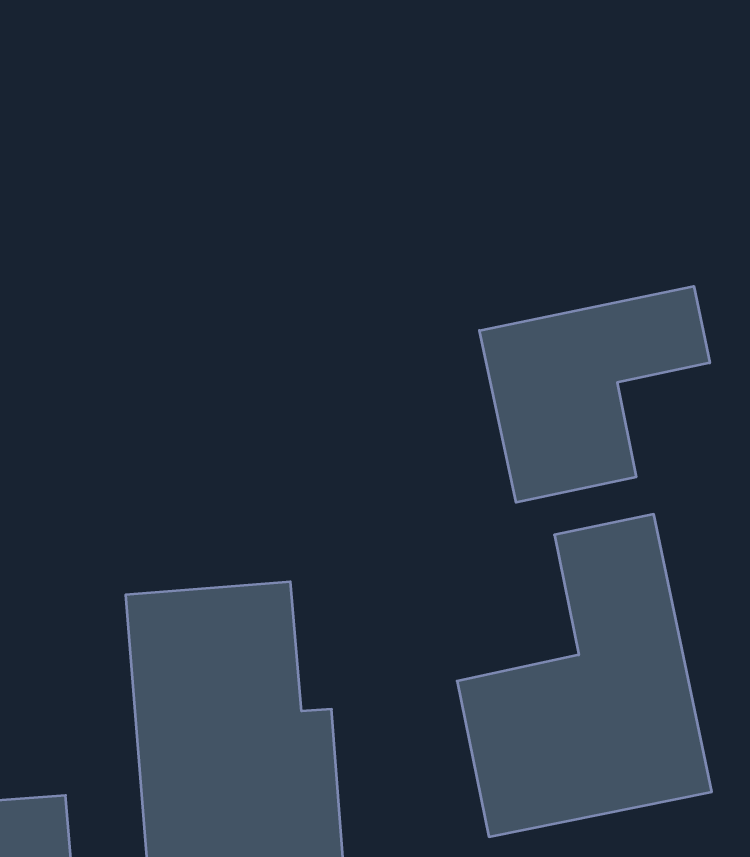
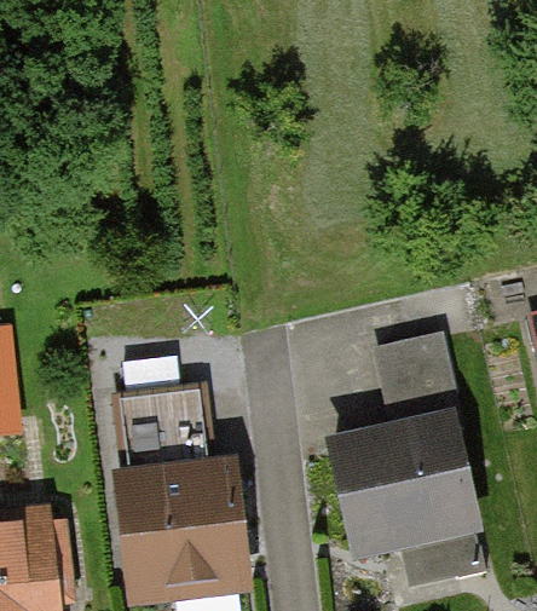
building: [479,286,710,502] -> none

